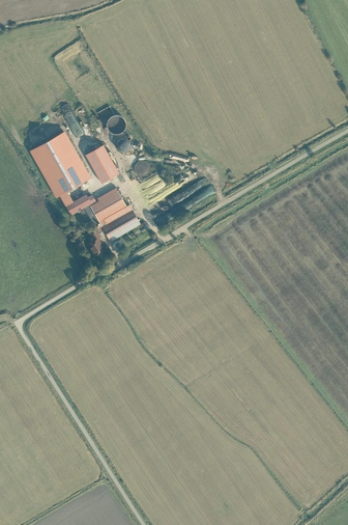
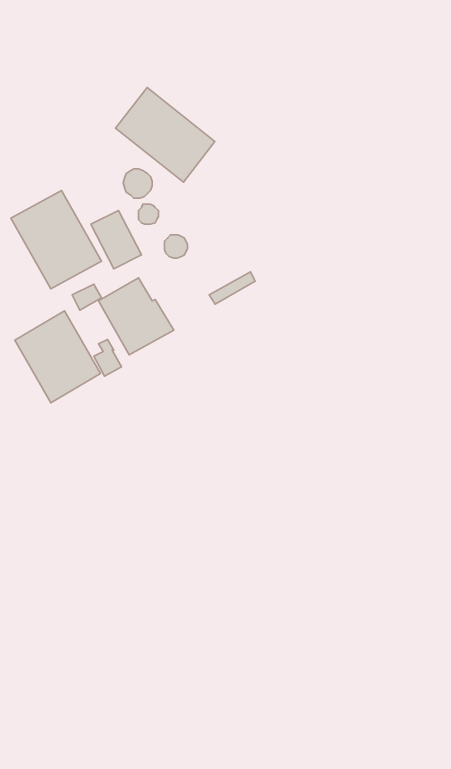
building: none -> [116,87,215,182]
building: none -> [15,311,100,403]

